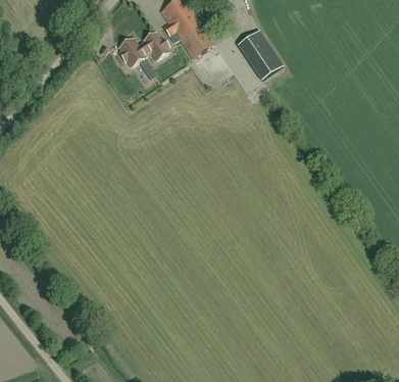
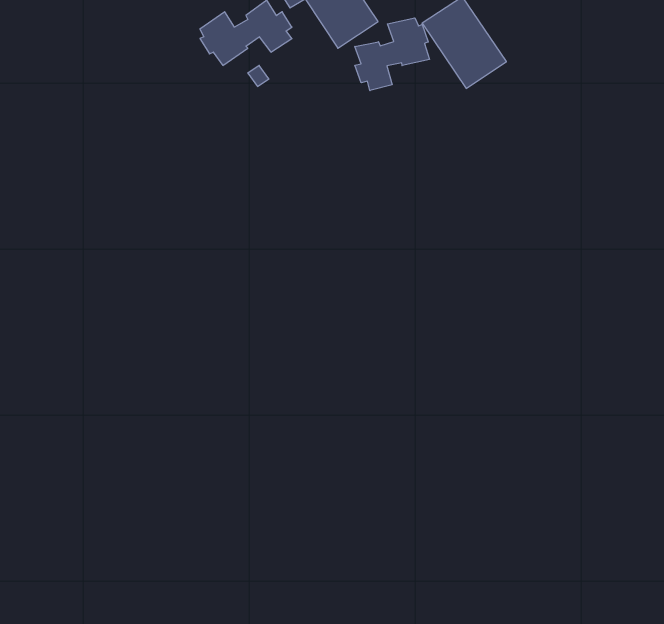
building: none -> [355,18,429,91]

